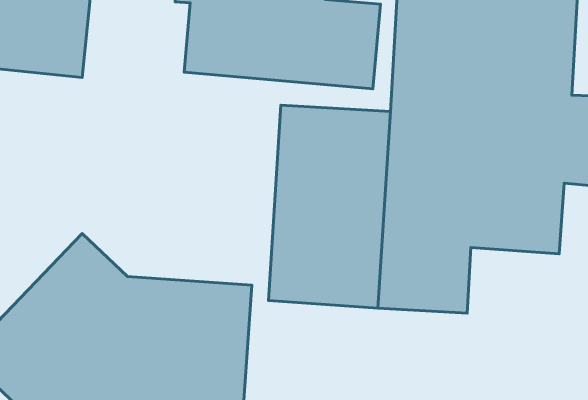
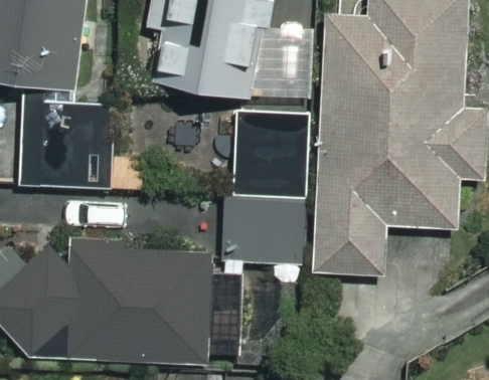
building: none -> [20,102,98,186]

